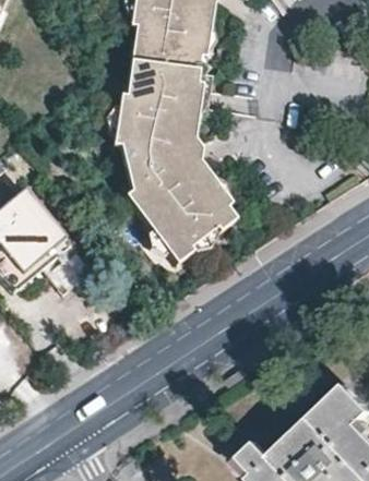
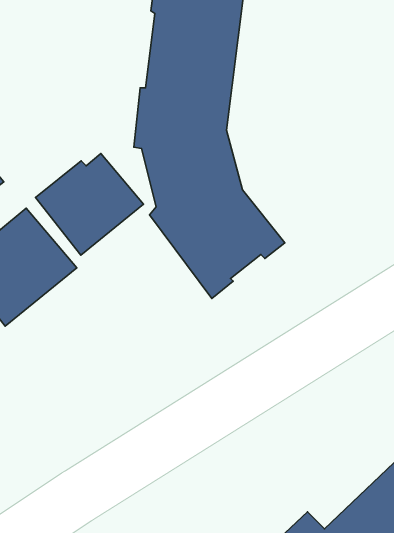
building: none -> [36,153,144,255]

